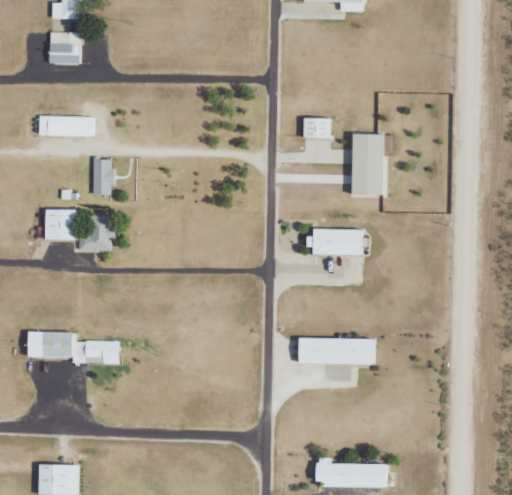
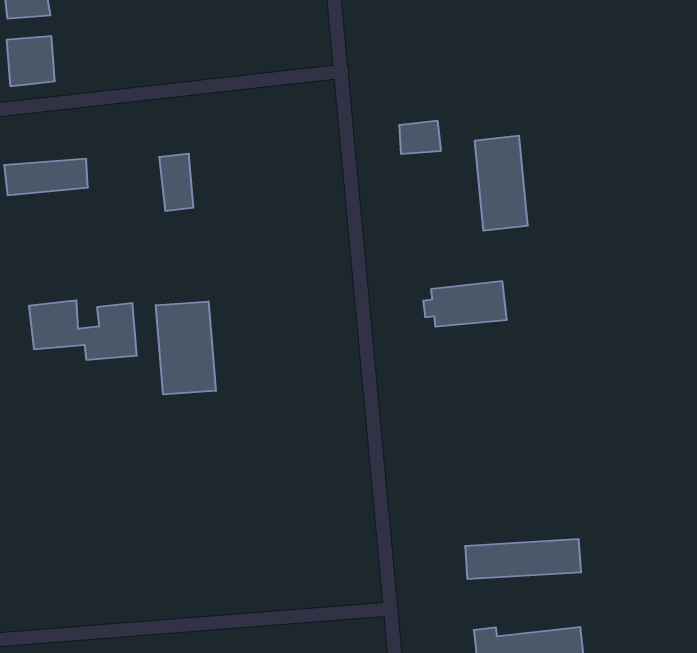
building: [93,159,113,195] -> [159,154,193,211]
building: none -> [156,301,216,394]
building: [27,332,119,363] -> none
building: [301,337,378,363] -> [465,539,581,579]

